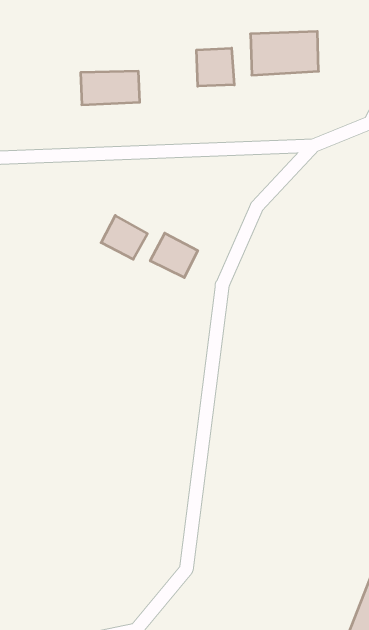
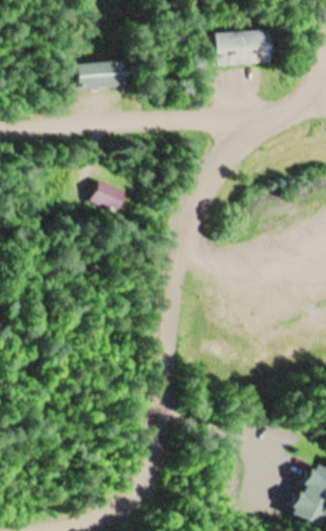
building: [197,48,234,86] -> none
building: [150,233,198,278] -> none

